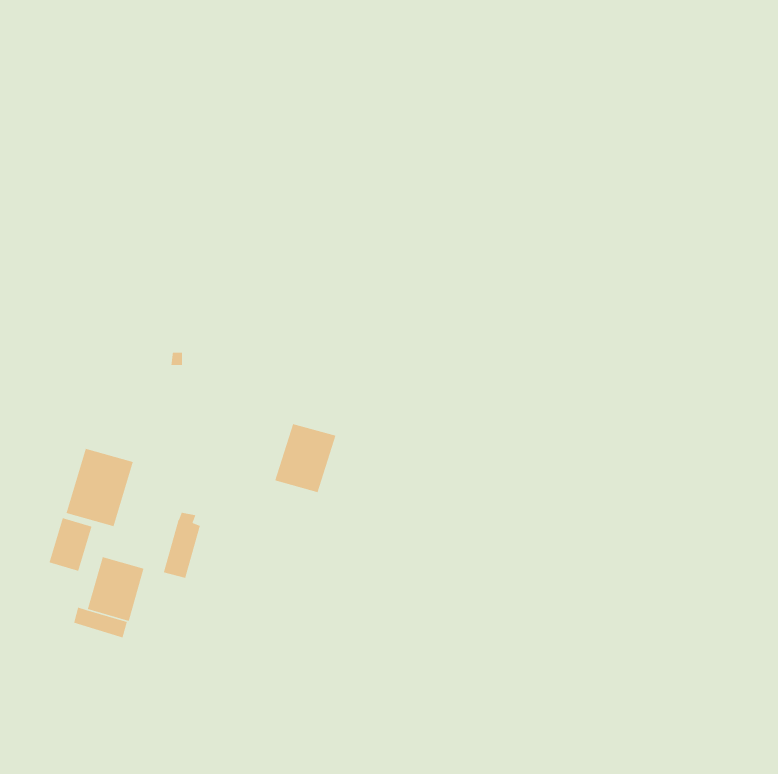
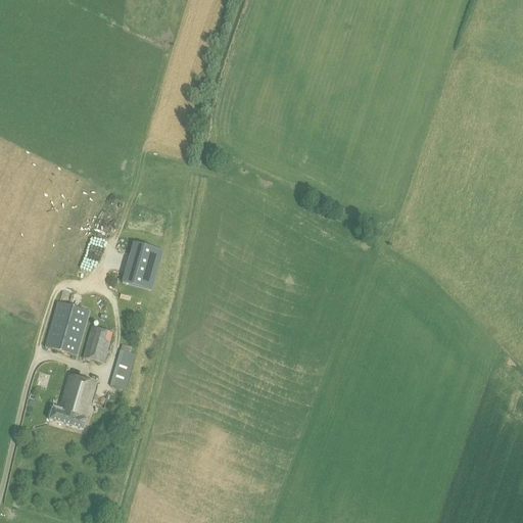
building: [274,423,337,493] -> [122,241,163,288]
building: [48,517,93,572] -> [83,325,112,362]

